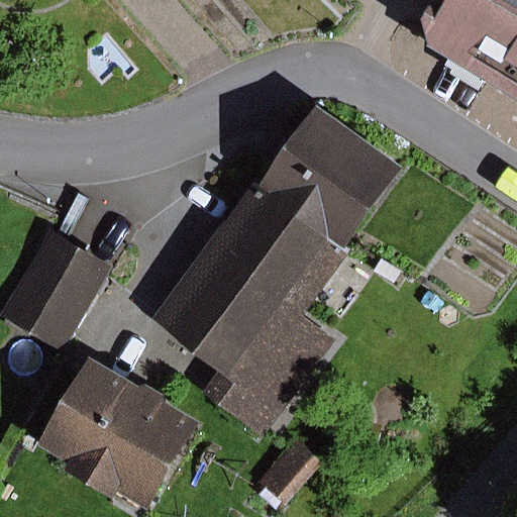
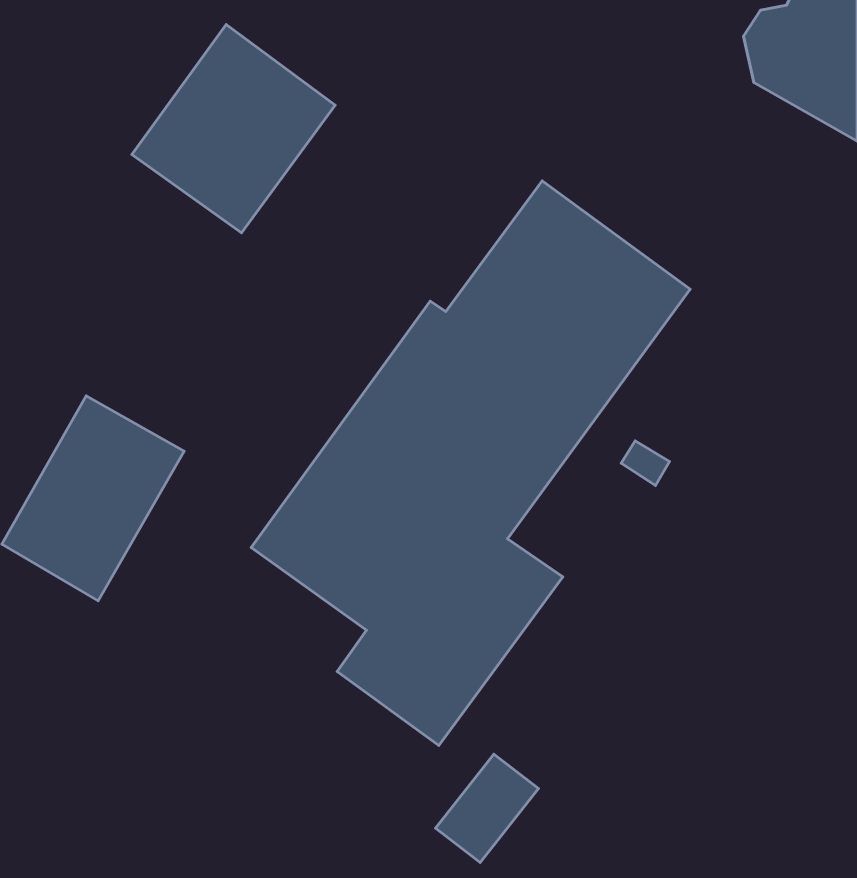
building: none -> [132,25,335,233]
building: [41,357,203,510] -> none

